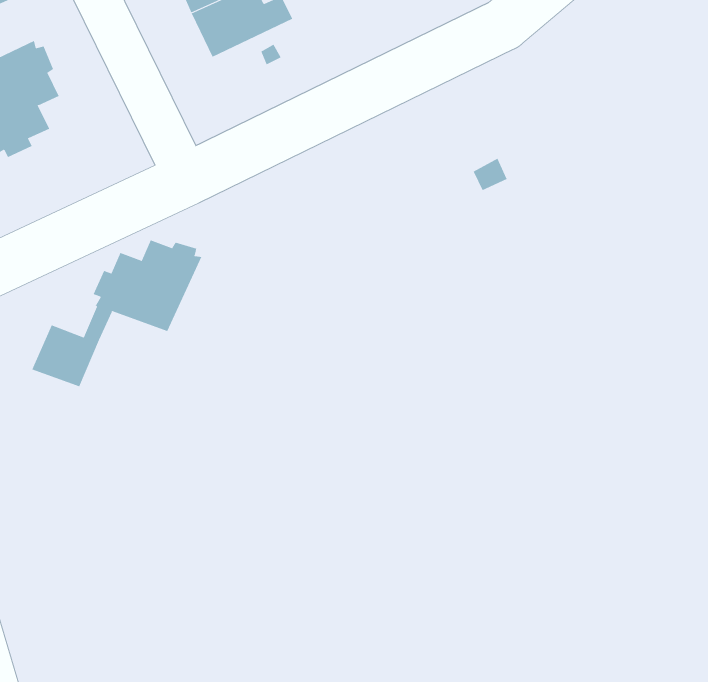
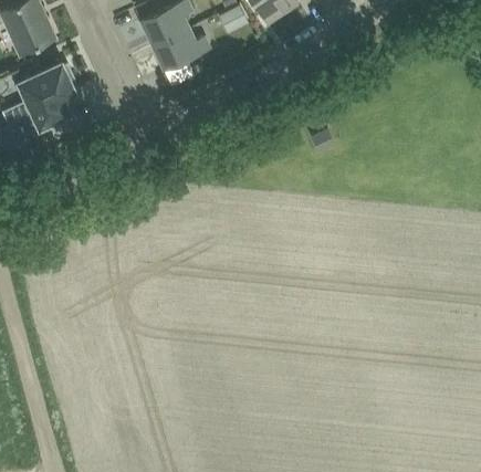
building: [31,239,202,387] -> none

